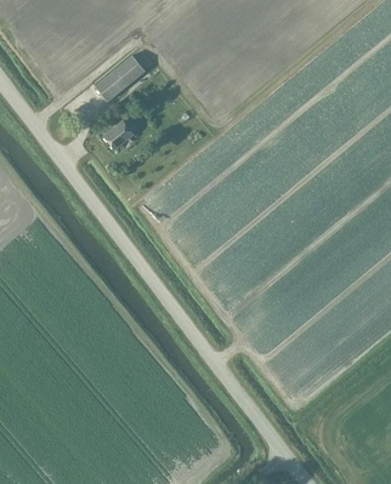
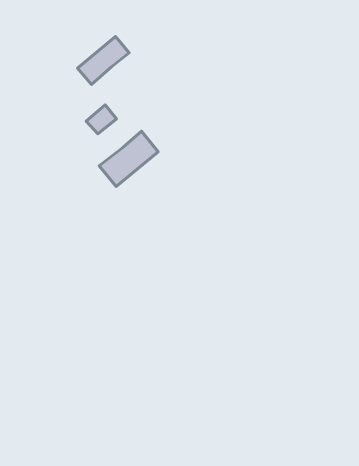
building: none -> [99,131,158,186]

